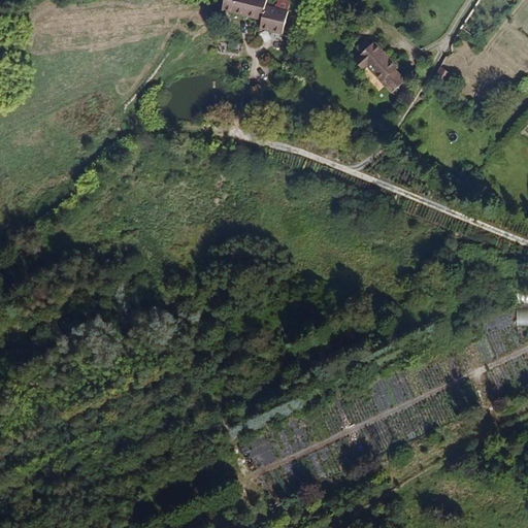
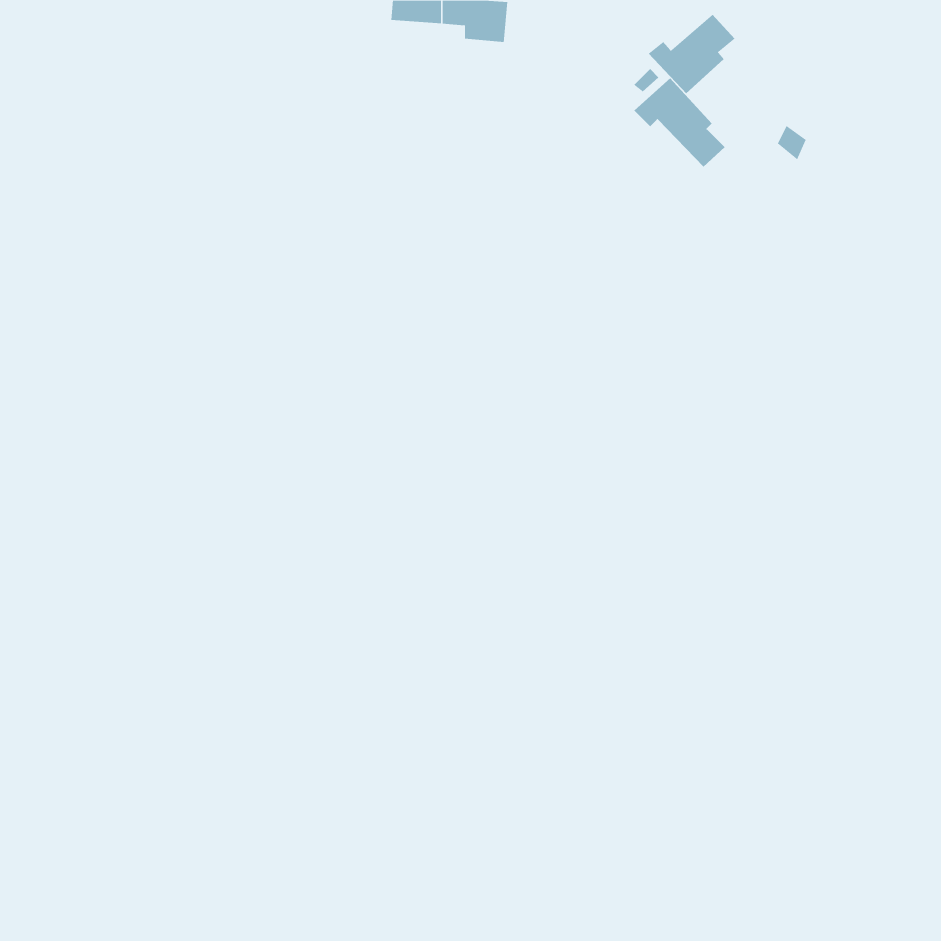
building: none -> [648,14,735,94]

